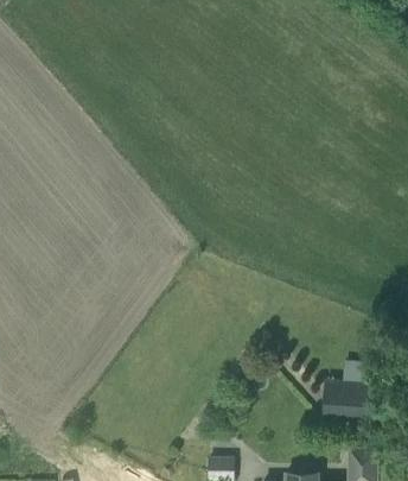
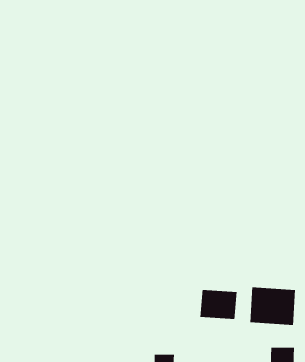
building: none -> [199,289,238,320]

